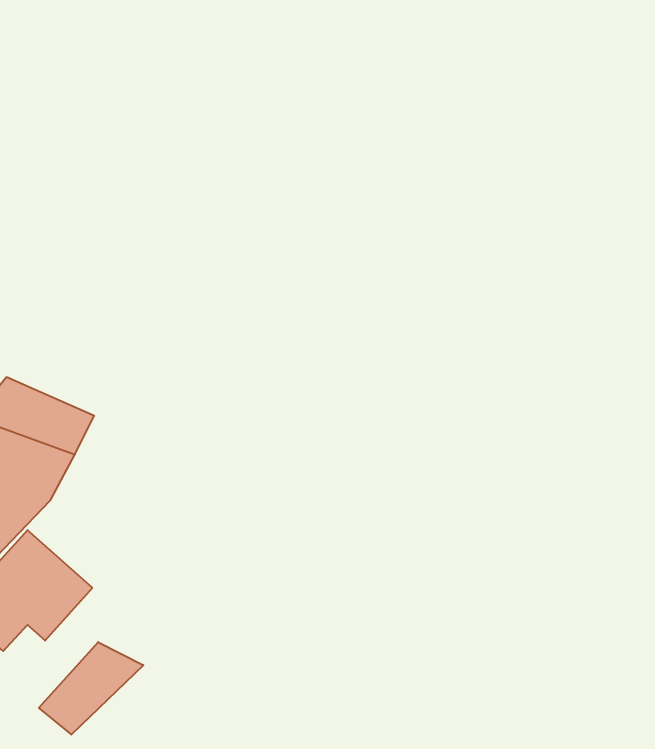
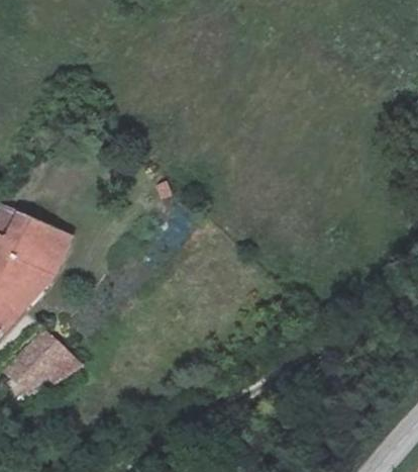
building: [39,642,143,735] -> none

